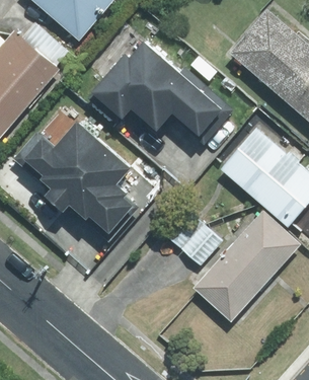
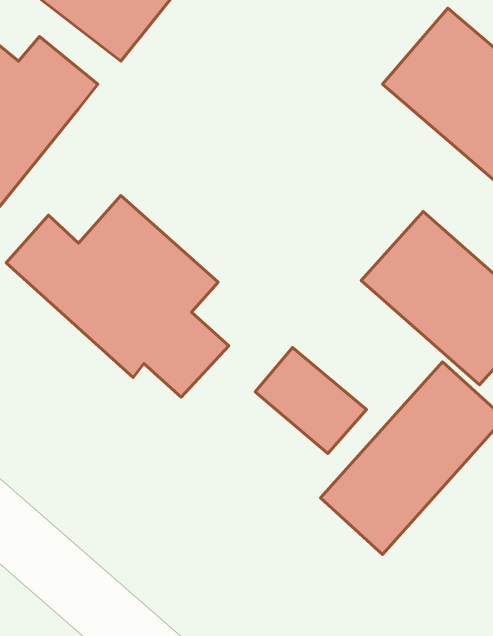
building: [89,39,223,134] -> none

